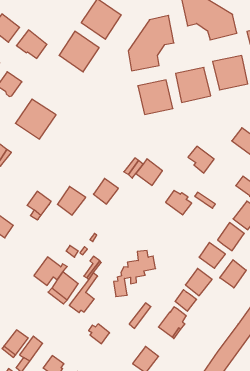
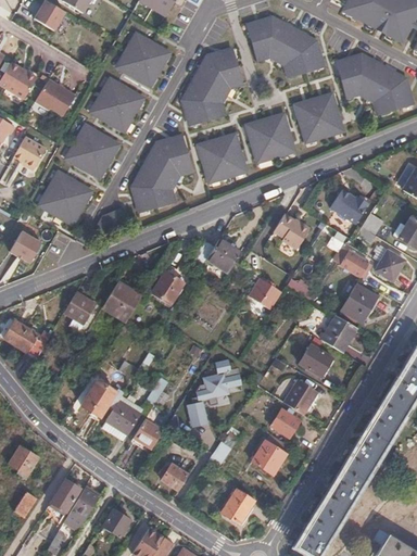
building: none -> [67,124,119,177]
building: none -> [134,134,193,211]
building: [220,260,246,288] -> none

